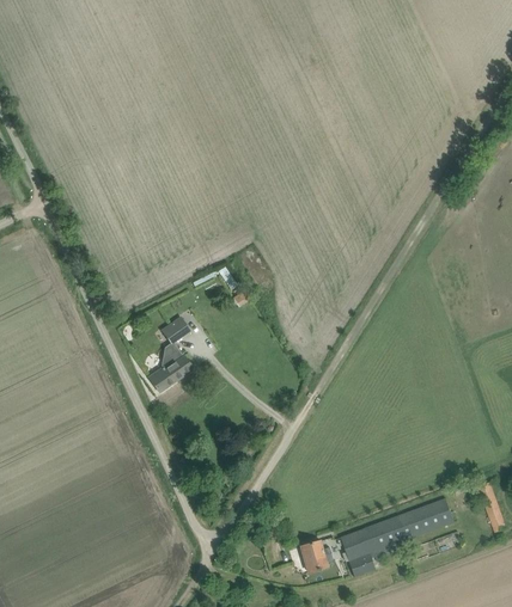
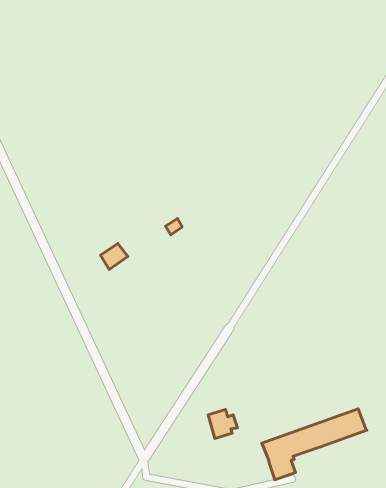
building: [148,348,193,392] -> none
building: [300,540,333,572] -> [208,409,237,439]

